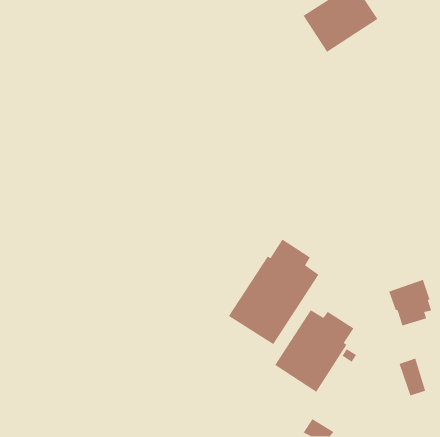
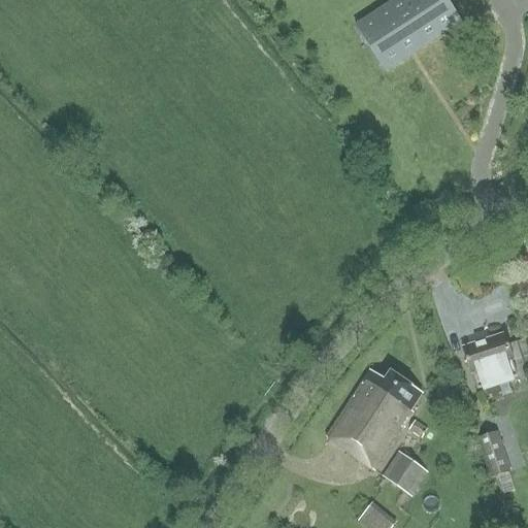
building: [228,239,319,345] -> none
building: none -> [381,448,426,492]

